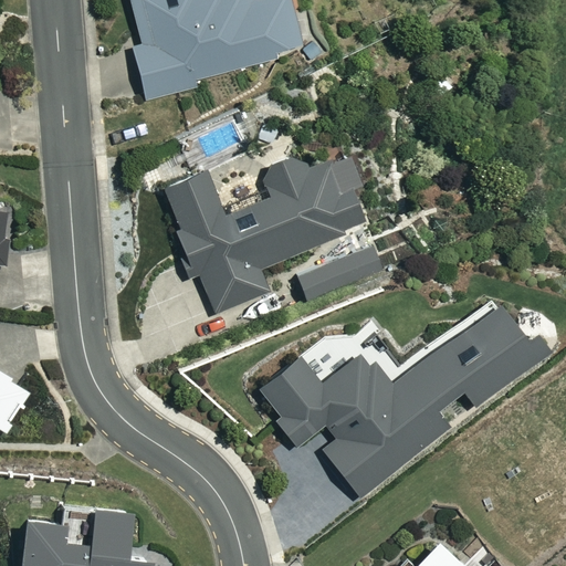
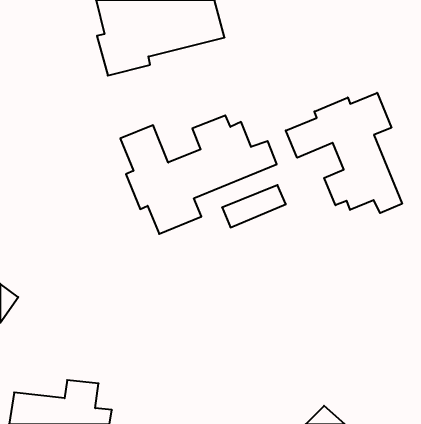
building: none -> [286,93,402,213]
building: [262,296,543,493] -> none

